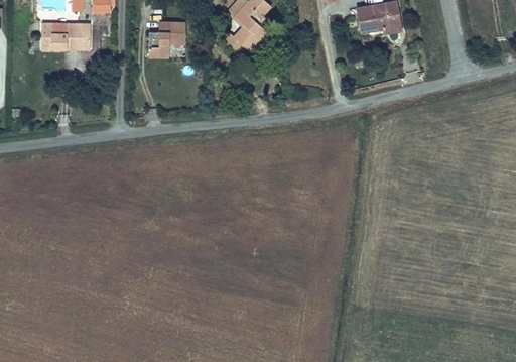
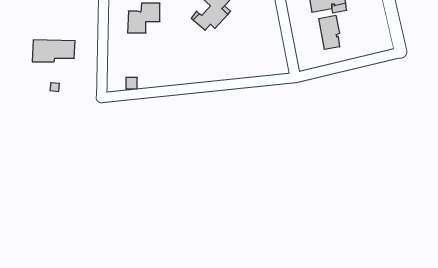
building: [41,24,91,49] -> [32,40,75,62]
building: none -> [319,15,340,49]

